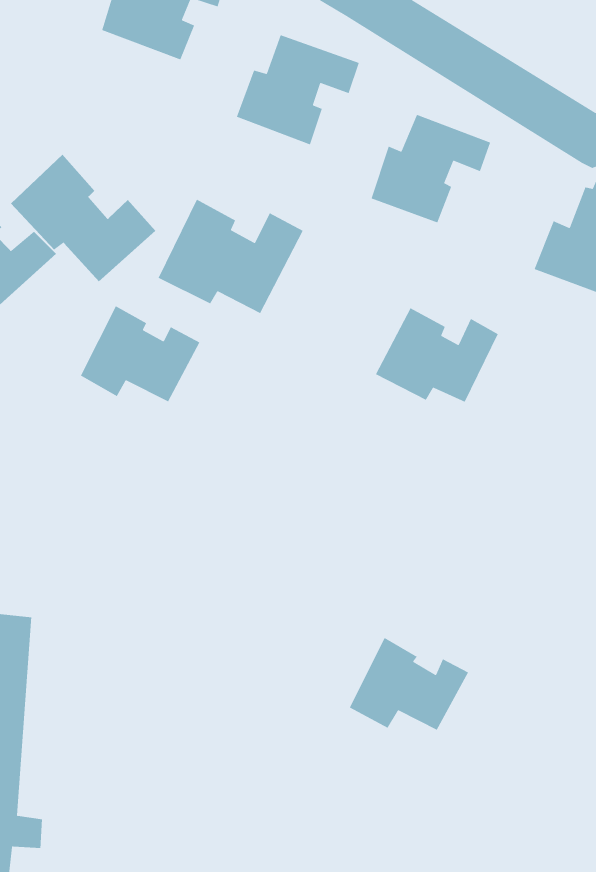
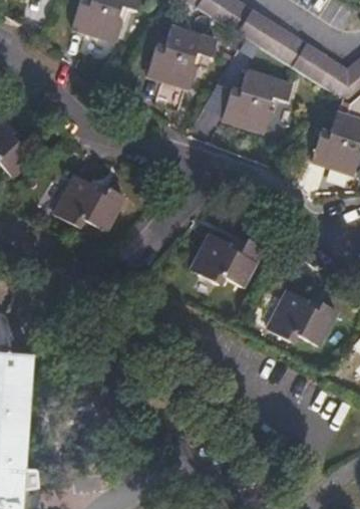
building: [10,154,156,282] -> none
building: [158,199,304,314] -> none
building: [375,307,499,403] -> [192,234,262,288]
building: [349,637,469,731] -> [266,291,334,344]

